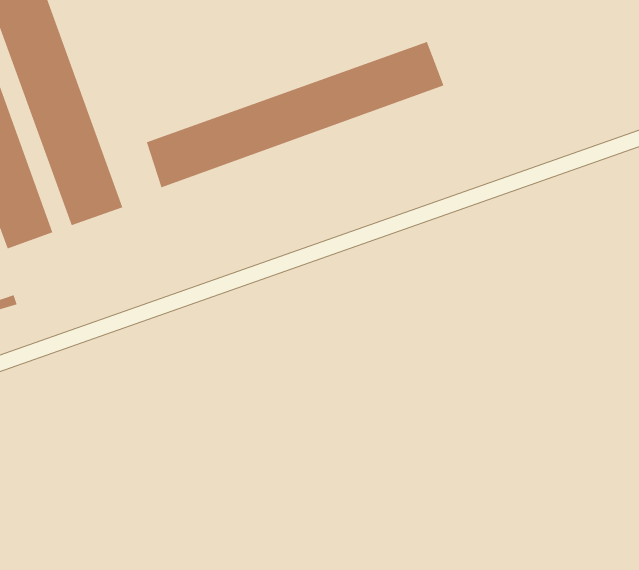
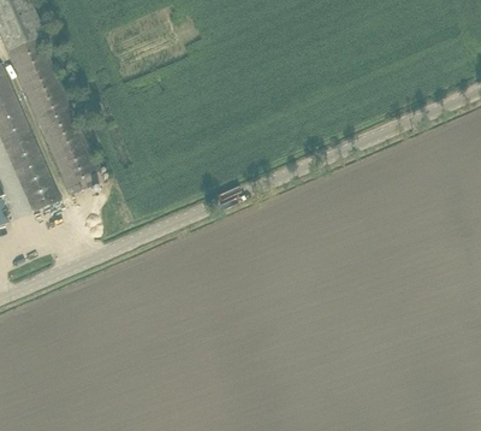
building: [146,41,444,188] -> none

